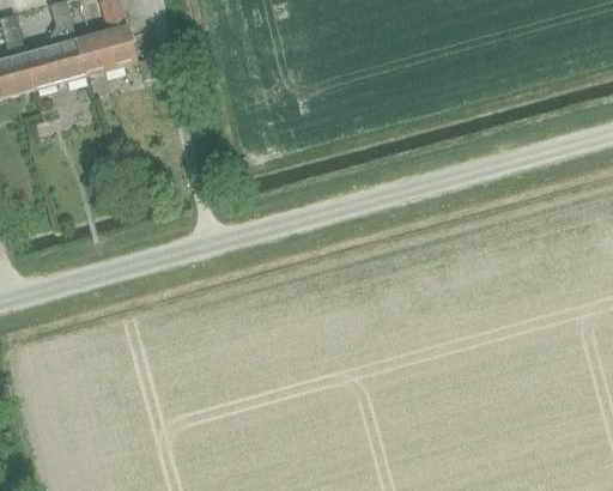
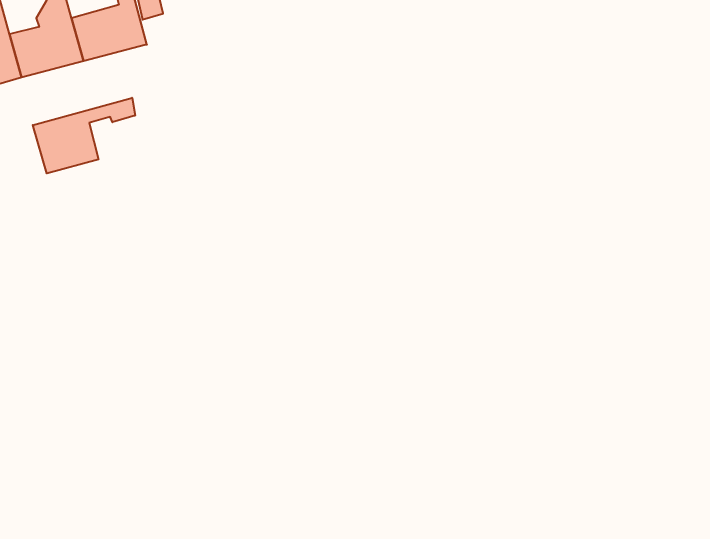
building: none -> [33,98,135,173]

